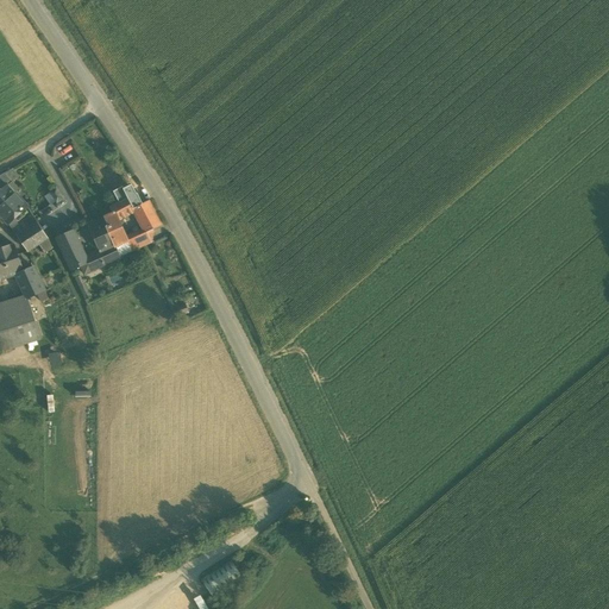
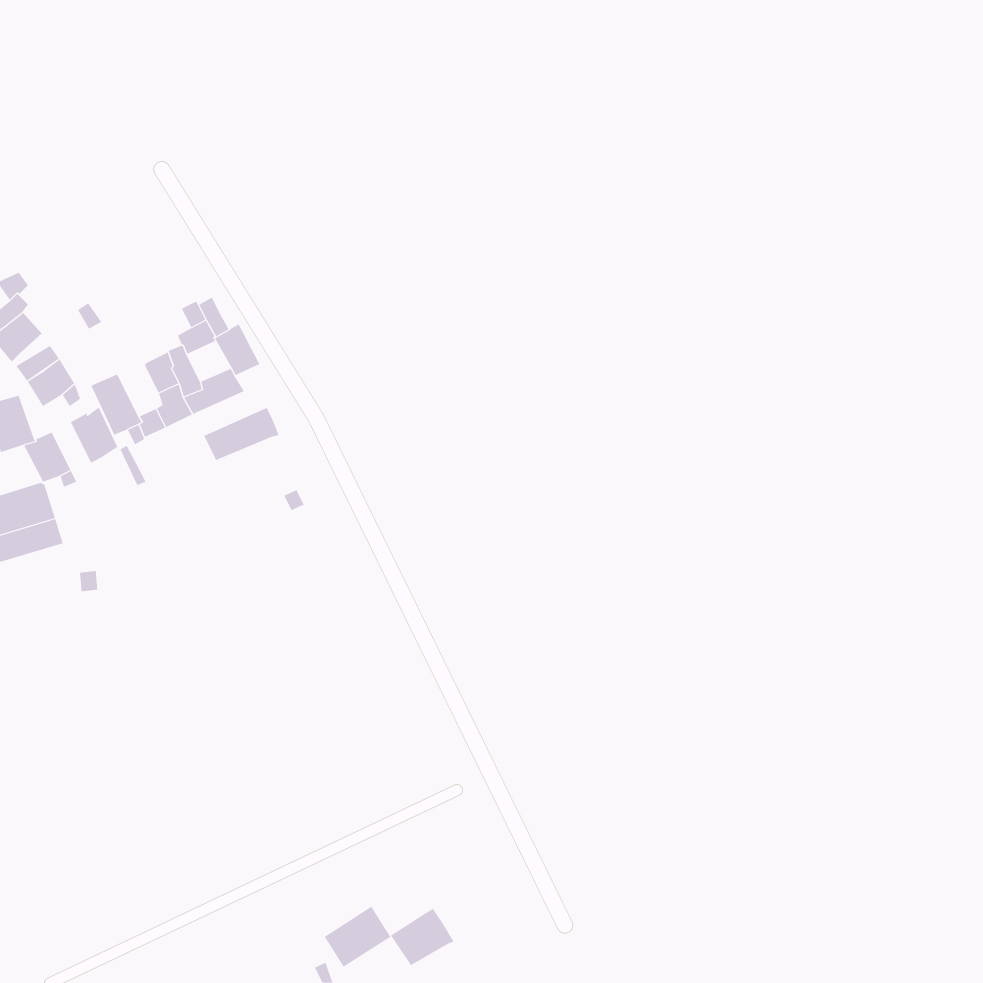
building: none -> [70,406,120,463]
building: none -> [203,407,279,461]
building: none -> [390,908,454,966]

